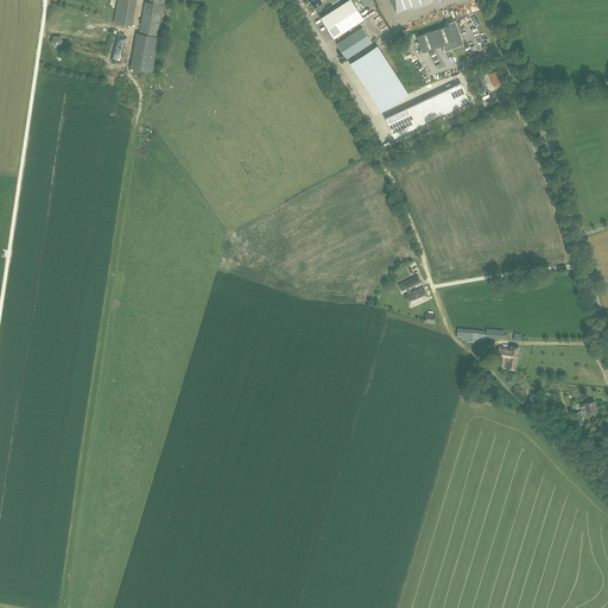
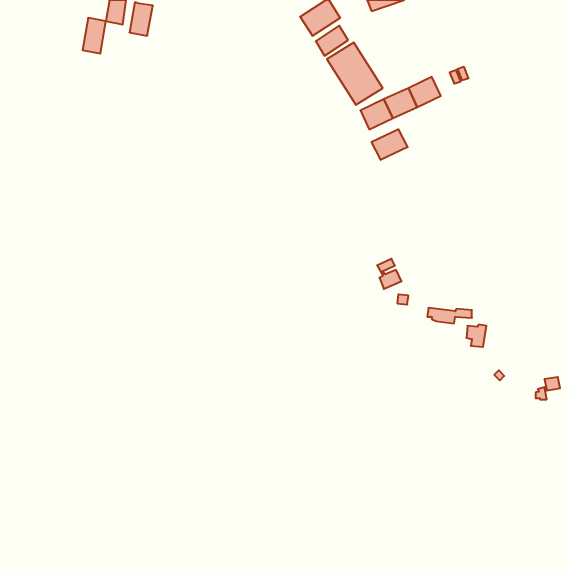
building: [416,23,461,52] -> none
building: [132,34,157,72] -> [83,18,106,54]
building: none -> [372,129,408,160]

